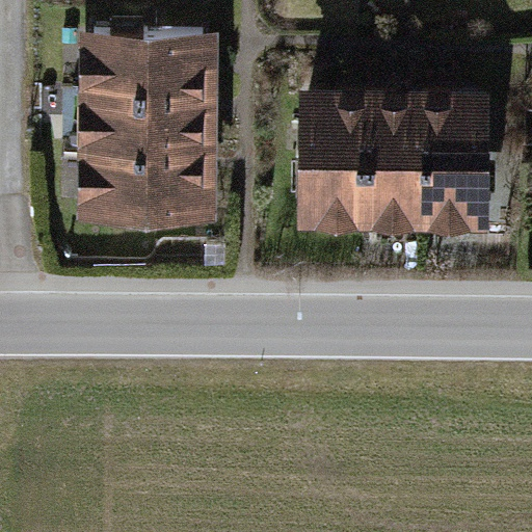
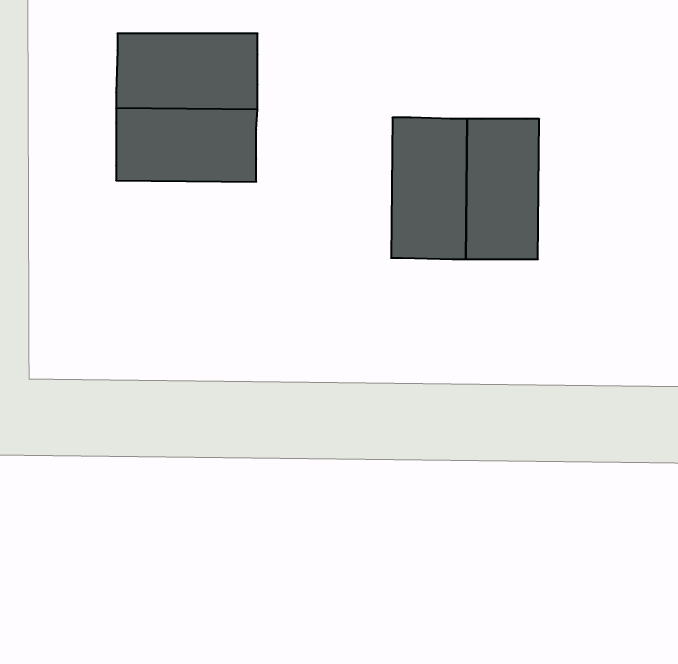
building: [419,107,478,217] -> none
building: [89,155,200,214] -> none

